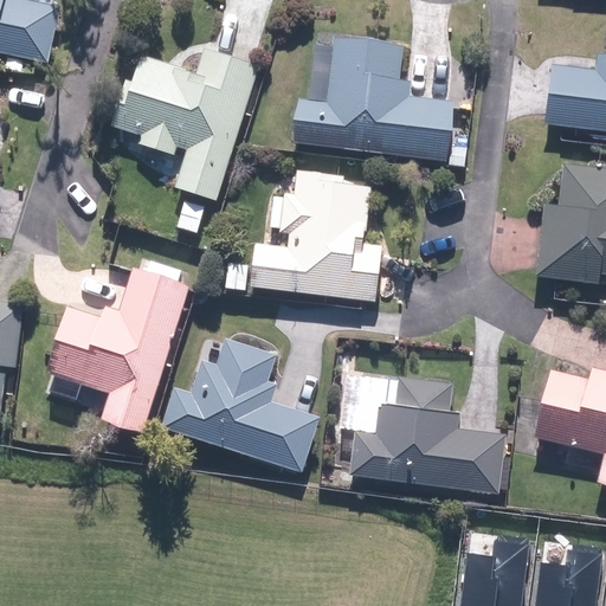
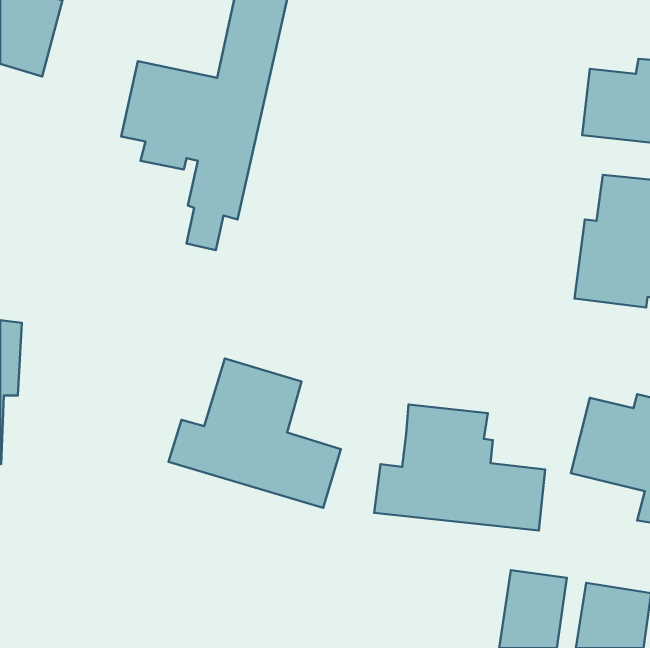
building: [292,41,452,154] -> none
building: [226,175,375,295] -> none
building: [45,267,189,428] -> none

